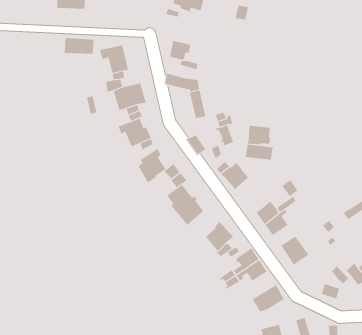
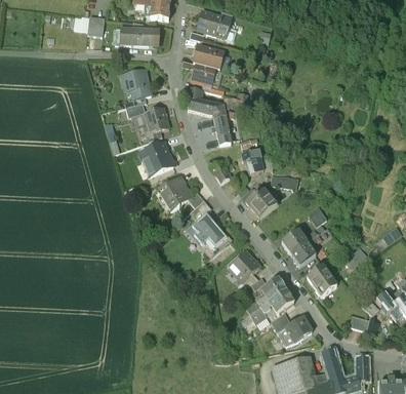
building: none -> [193,44,224,69]
building: [64,37,95,54] -> [121,27,153,44]
building: [247,125,270,145] -> none

